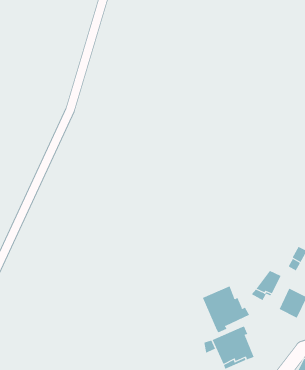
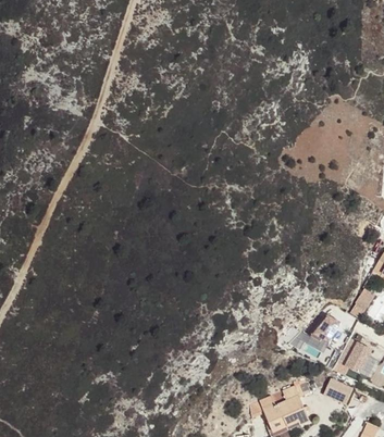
building: [202,285,250,333] -> none
building: none -> [322,377,351,403]

